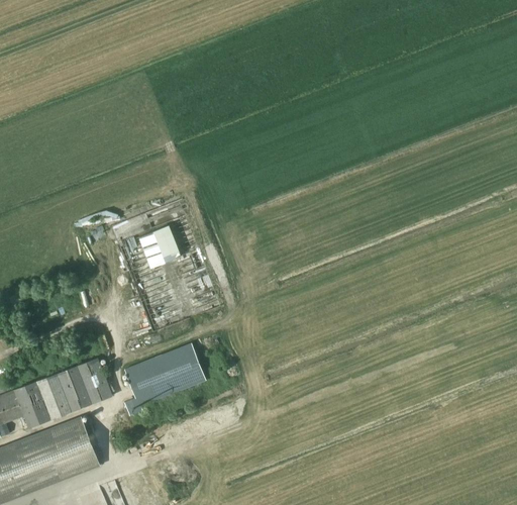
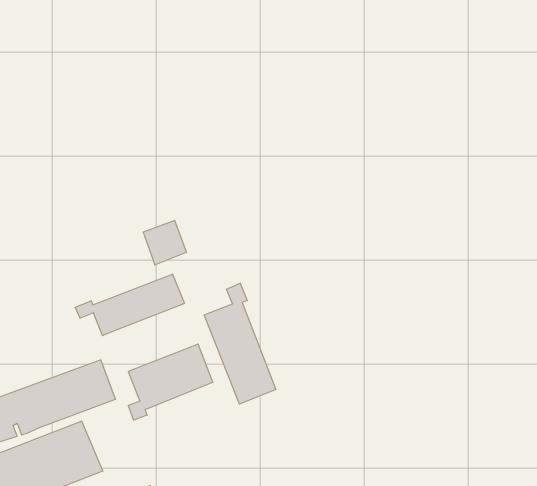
building: none -> [75,274,184,336]
building: none -> [204,283,276,404]

